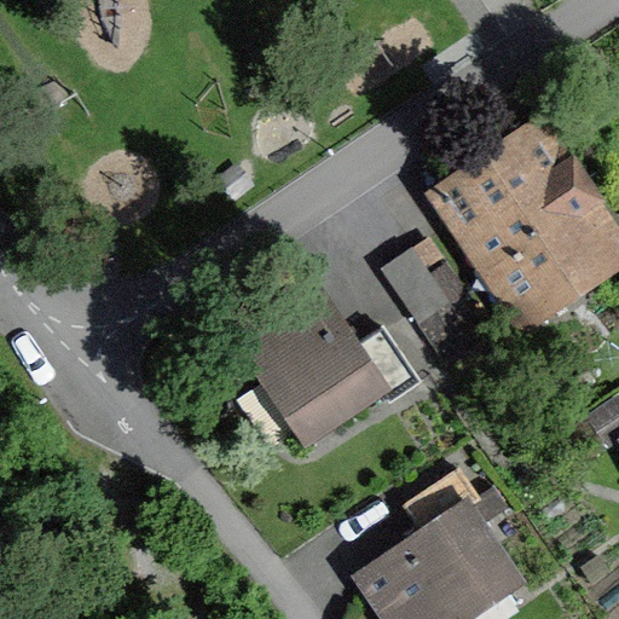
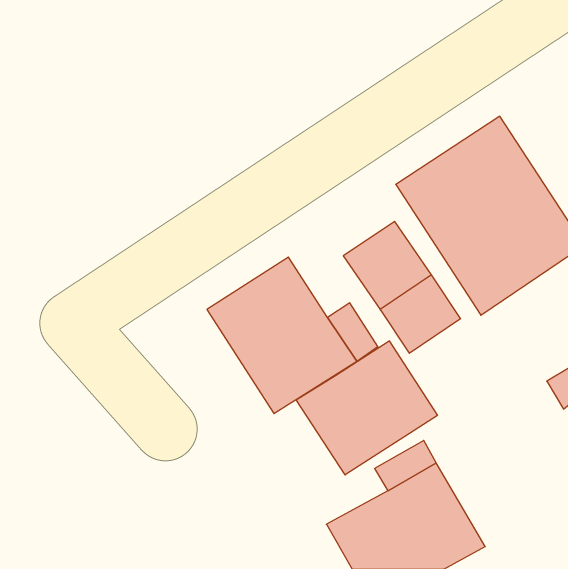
building: none -> [296,341,437,475]

